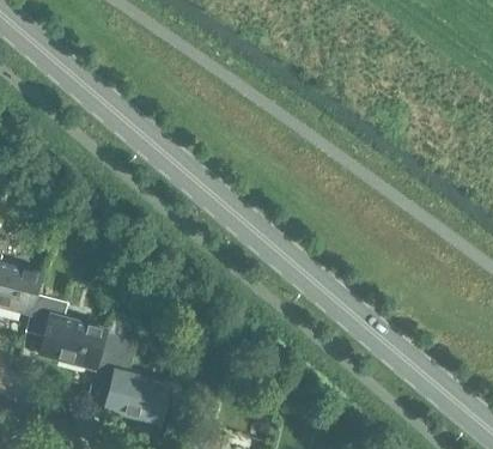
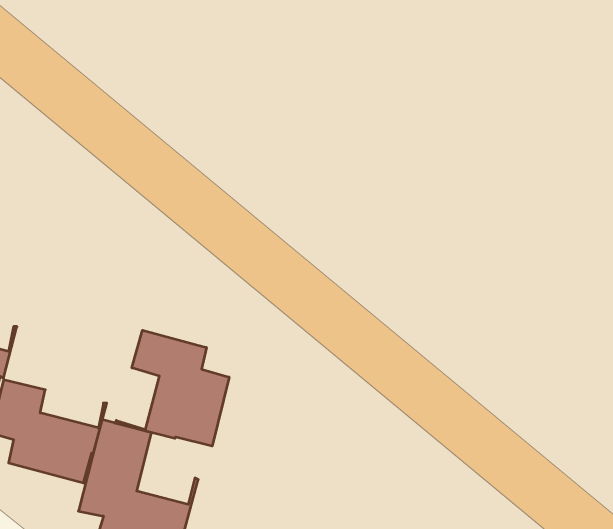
building: none -> [115,330,229,446]

